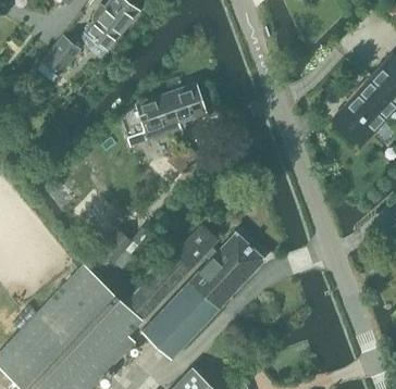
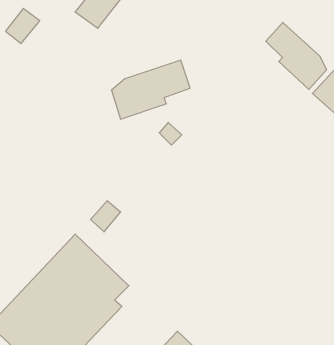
building: [44,37,79,74] -> [6,8,40,44]
building: none -> [266,22,326,89]
building: [129,224,265,360] -> none

